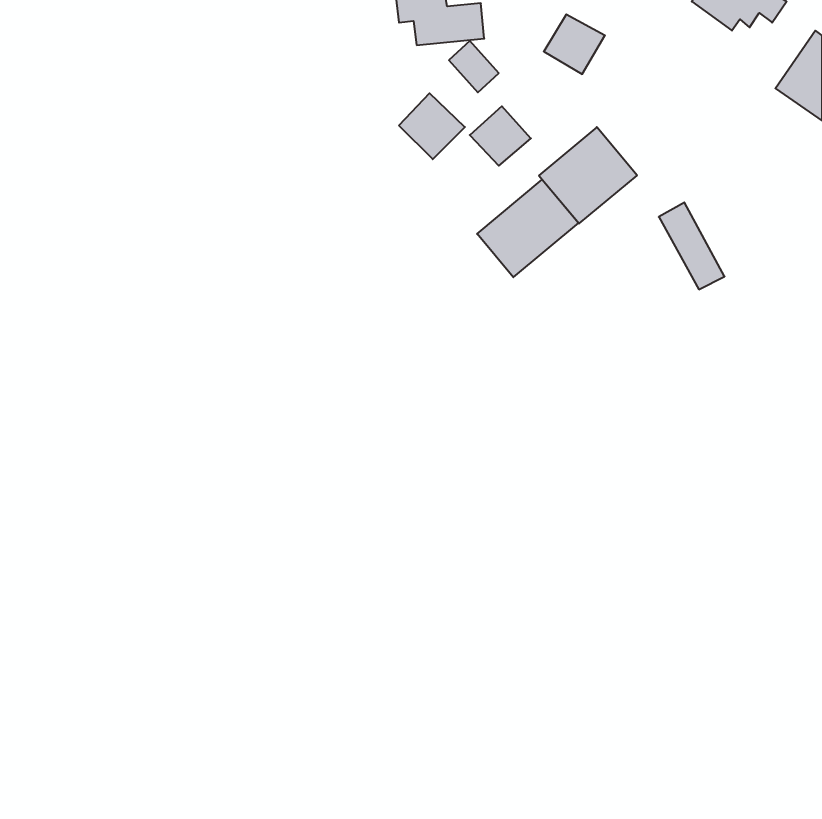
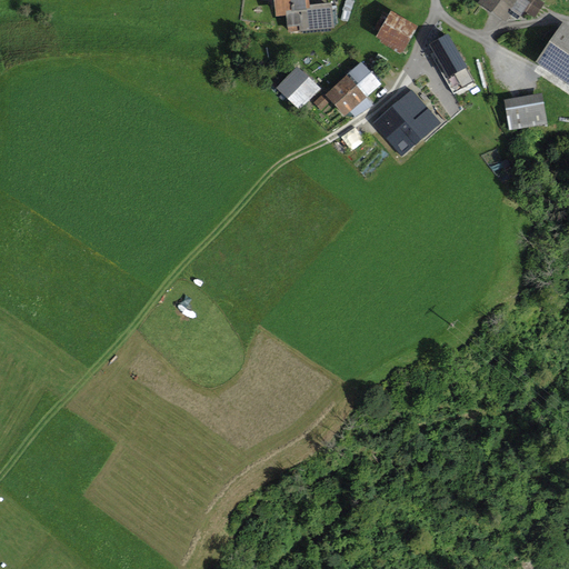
building: [449,41,499,92] -> [347,60,381,96]
building: none -> [505,91,546,128]
building: [477,180,578,277] -> none
building: [659,202,725,289] -> [428,32,473,92]

